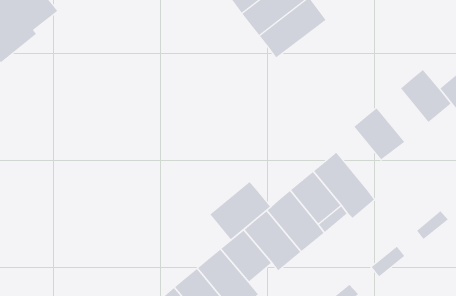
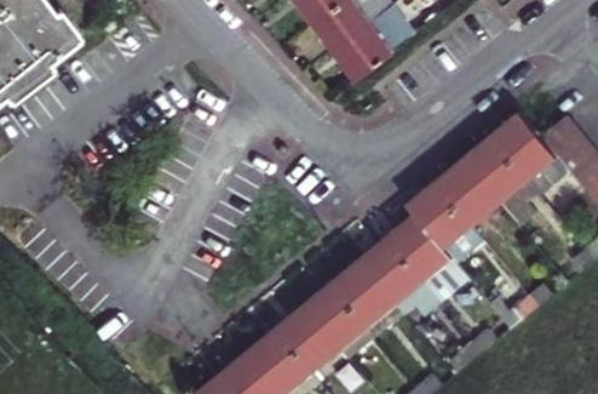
building: none -> [475,122,544,205]
building: none -> [419,169,491,246]
building: [210,181,271,240] -> none

